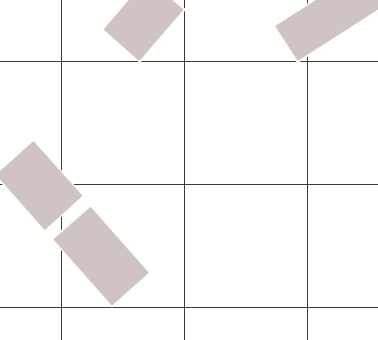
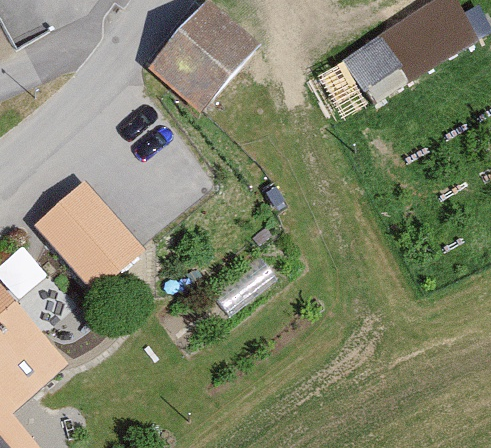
building: [52,206,150,306] -> none

